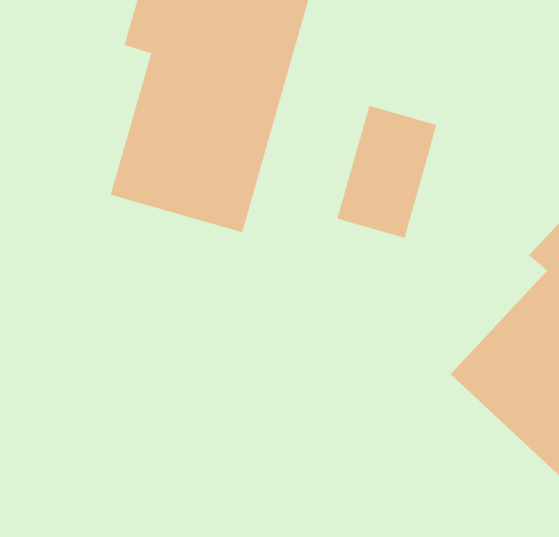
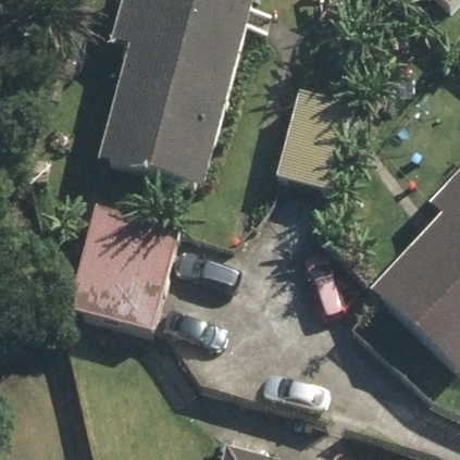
building: none -> [61,207,172,332]

